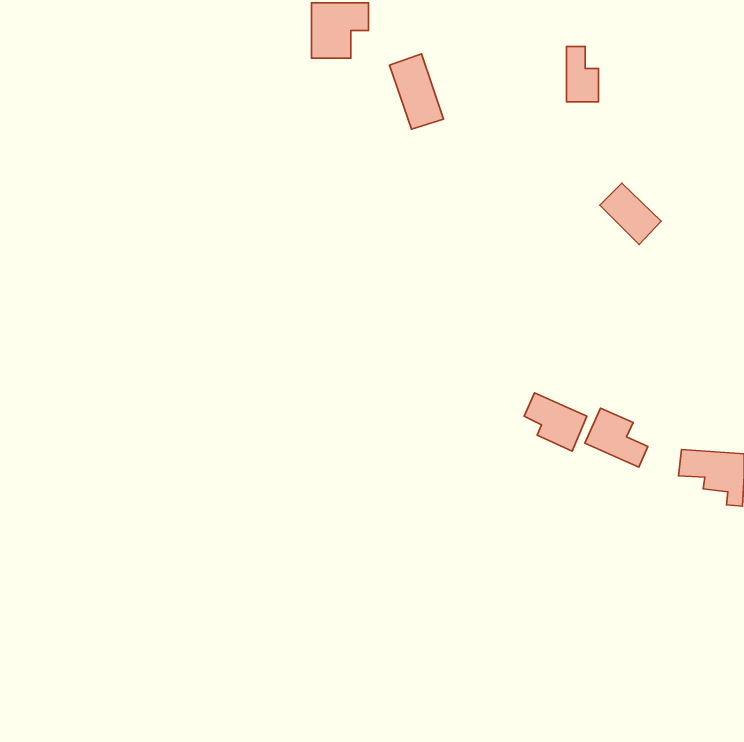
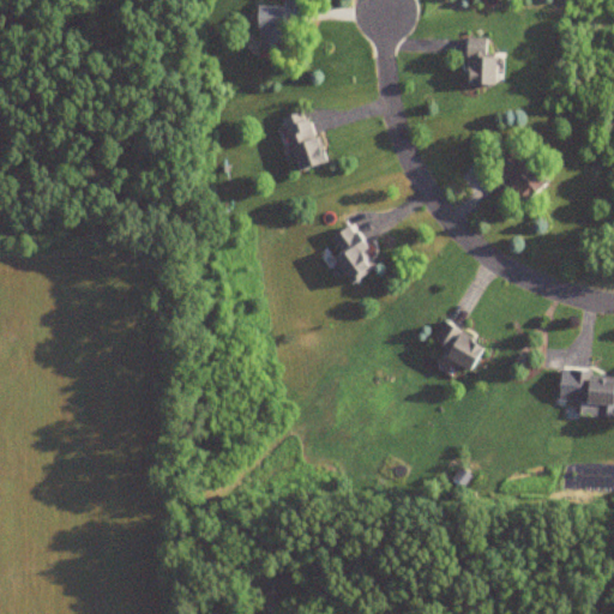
building: [390,54,443,129] -> [279,110,324,173]
building: none -> [326,228,373,284]
building: [585,408,648,467] -> none

